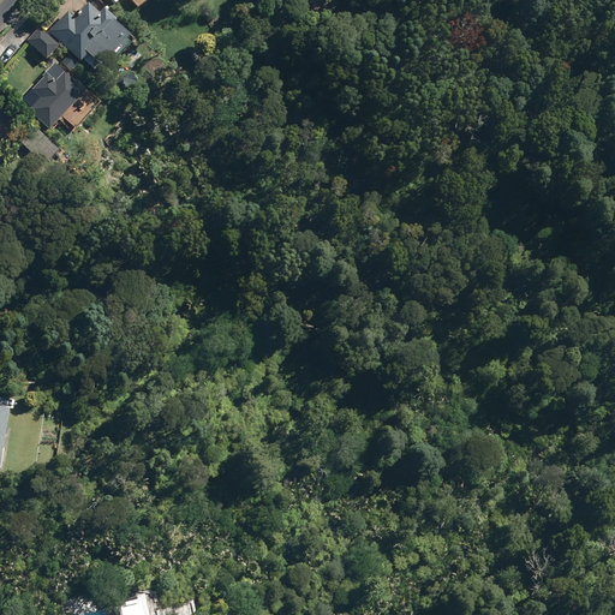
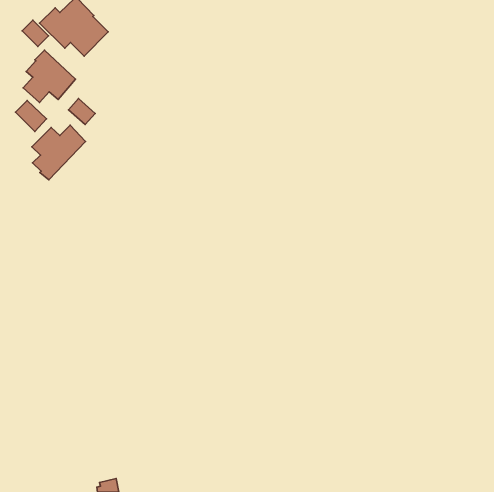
building: none -> [69,99,95,125]
building: none -> [32,125,86,180]

